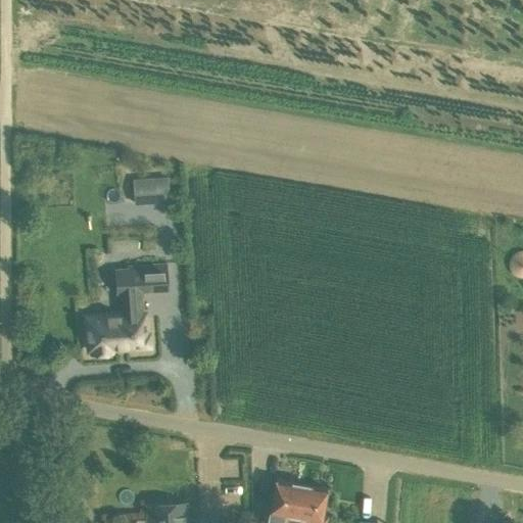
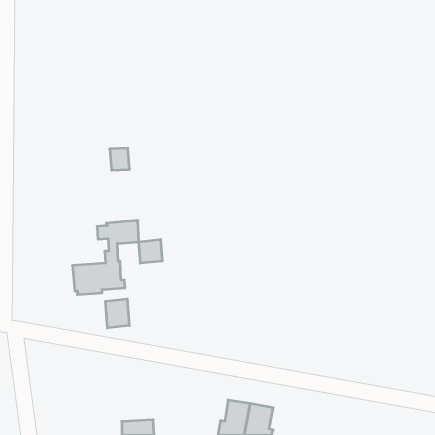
building: none -> [139,239,162,263]
building: none -> [105,299,129,328]

